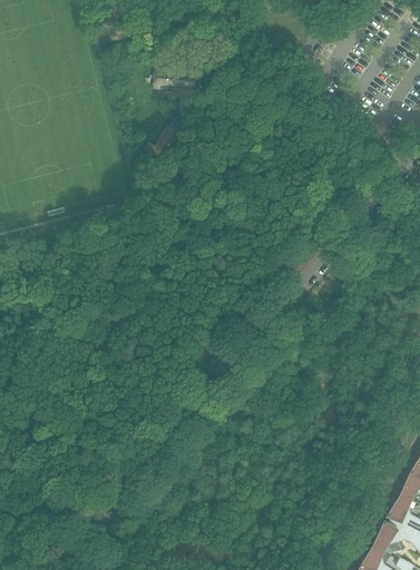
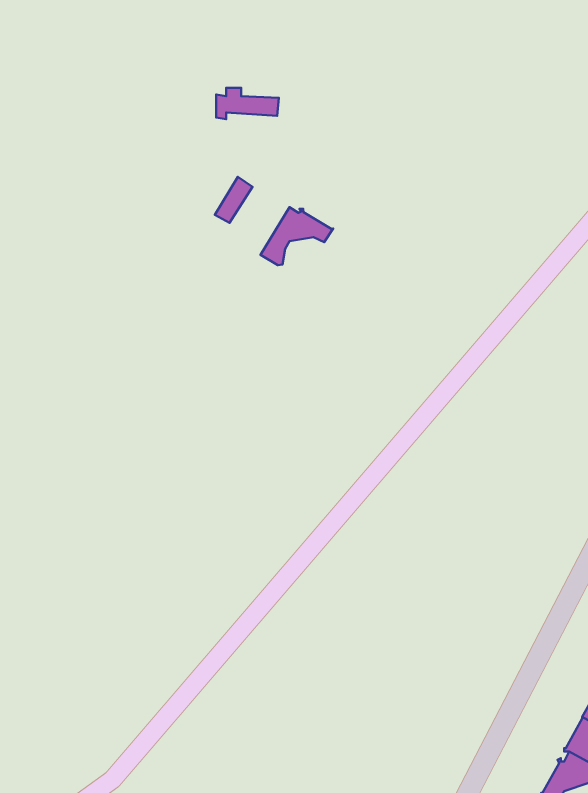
building: none -> [261,207,333,265]

